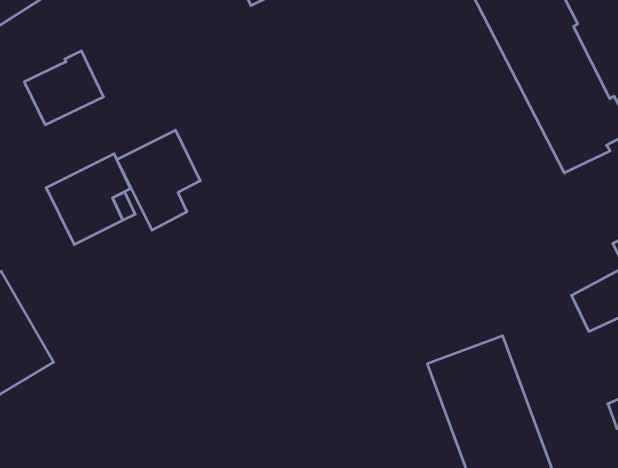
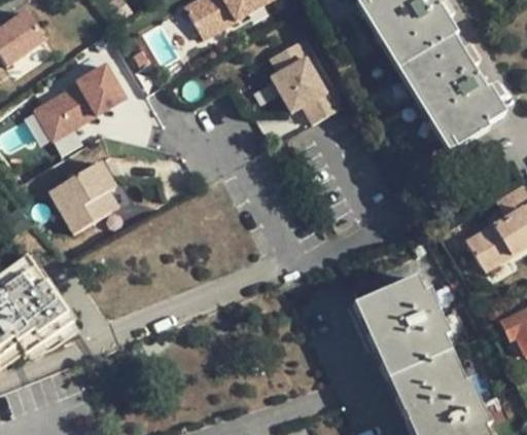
building: none -> [271,37,340,120]
building: none -> [75,65,124,115]
building: [117,130,200,230] -> none

